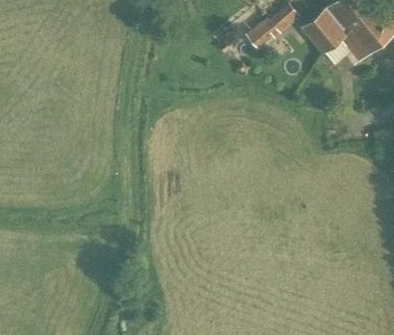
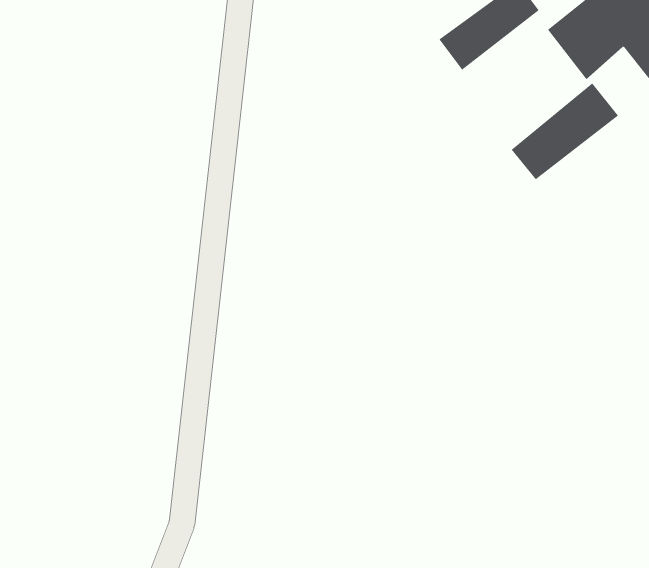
building: none -> [511,83,619,180]

